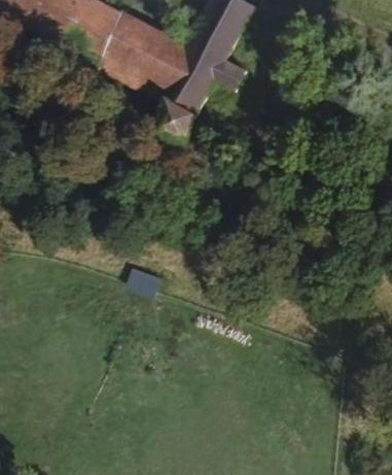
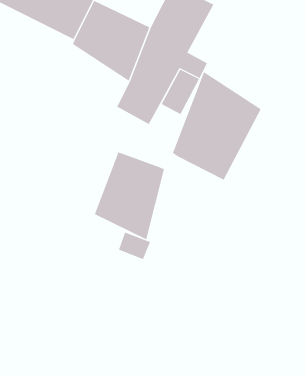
building: none -> [172,71,262,180]
building: none -> [94,151,164,240]

